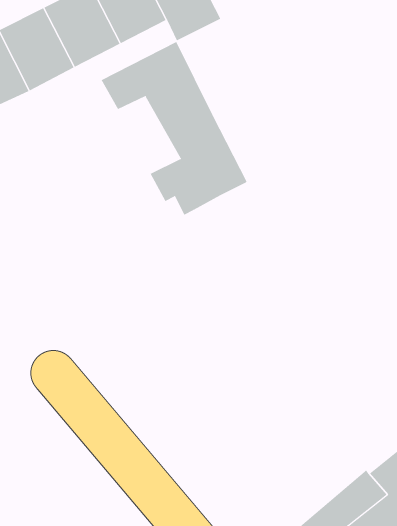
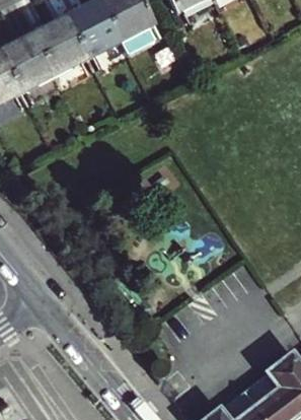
building: [101,41,247,216] -> none

